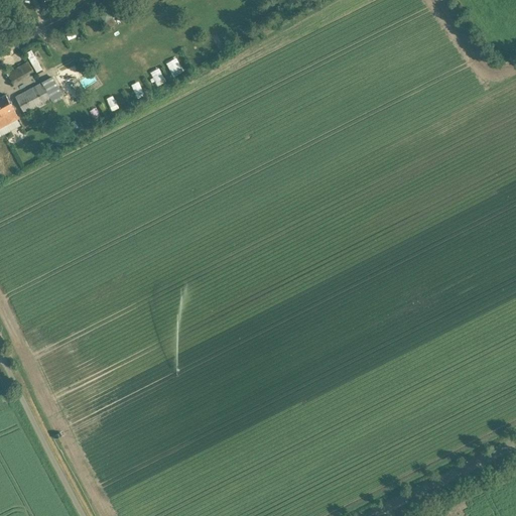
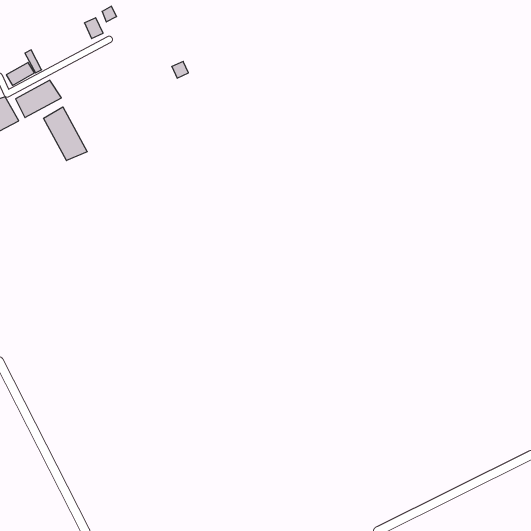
building: none -> [44,107,87,161]

